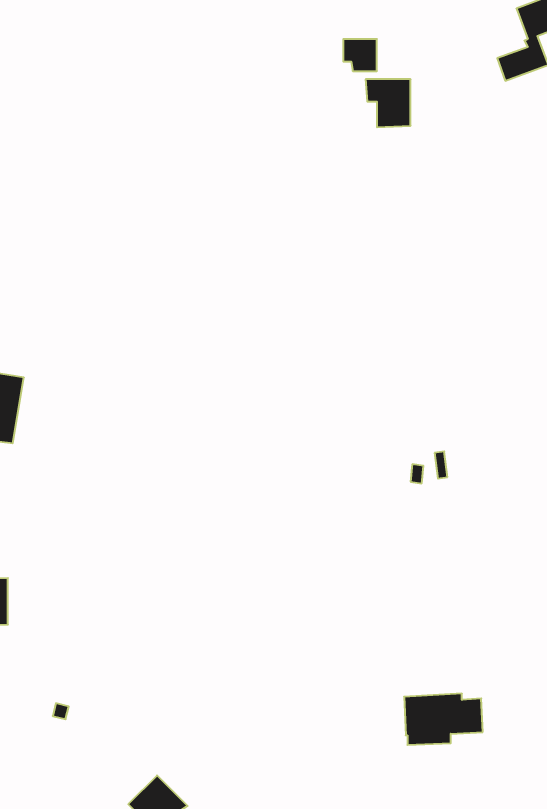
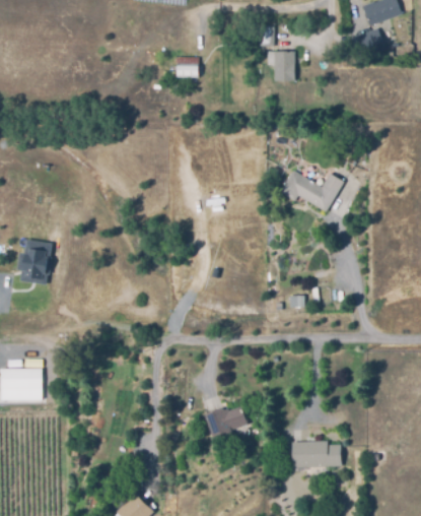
building: none -> [177,57,199,78]
building: none -> [279,171,344,212]
building: none -> [205,406,249,441]

